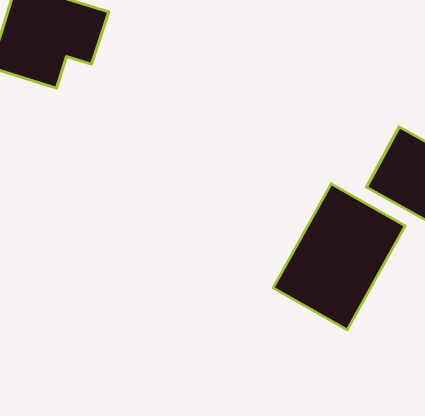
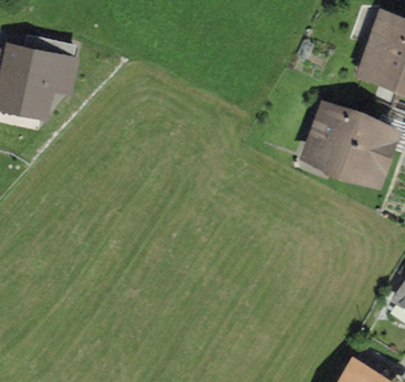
building: [273,184,405,330] -> none

